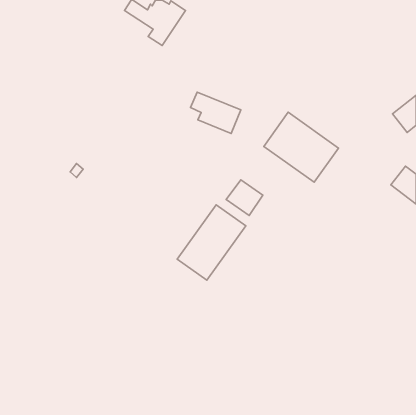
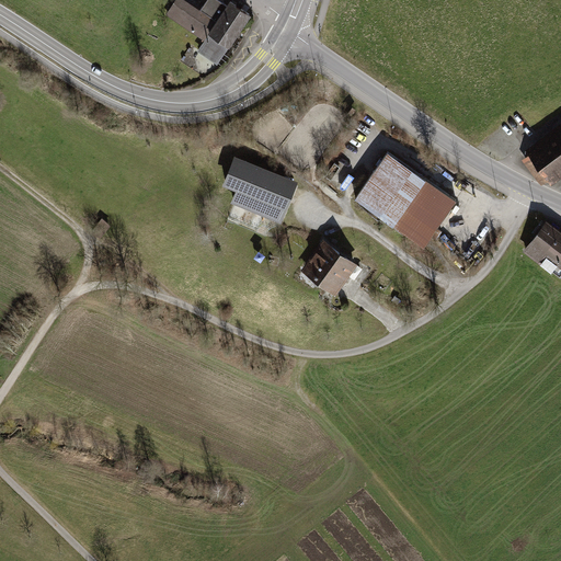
building: [191,92,241,134] -> [226,161,294,217]
building: [177,205,246,280] -> none

